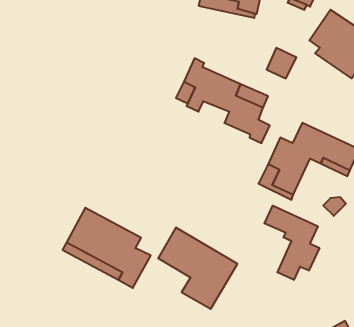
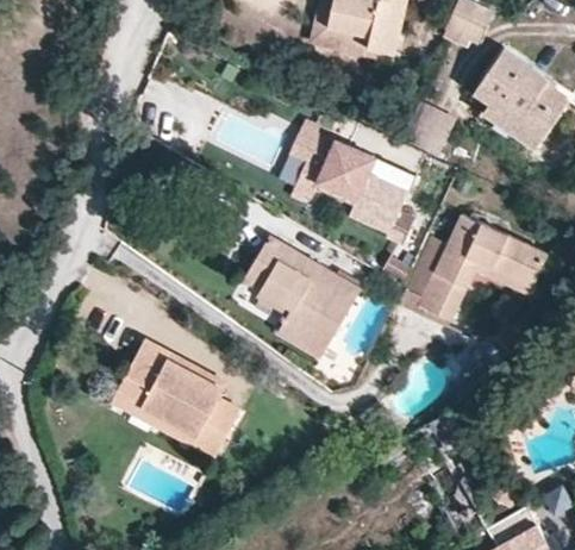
building: [264,206,319,280] -> none
building: [158,227,237,309] -> [243,237,360,357]

